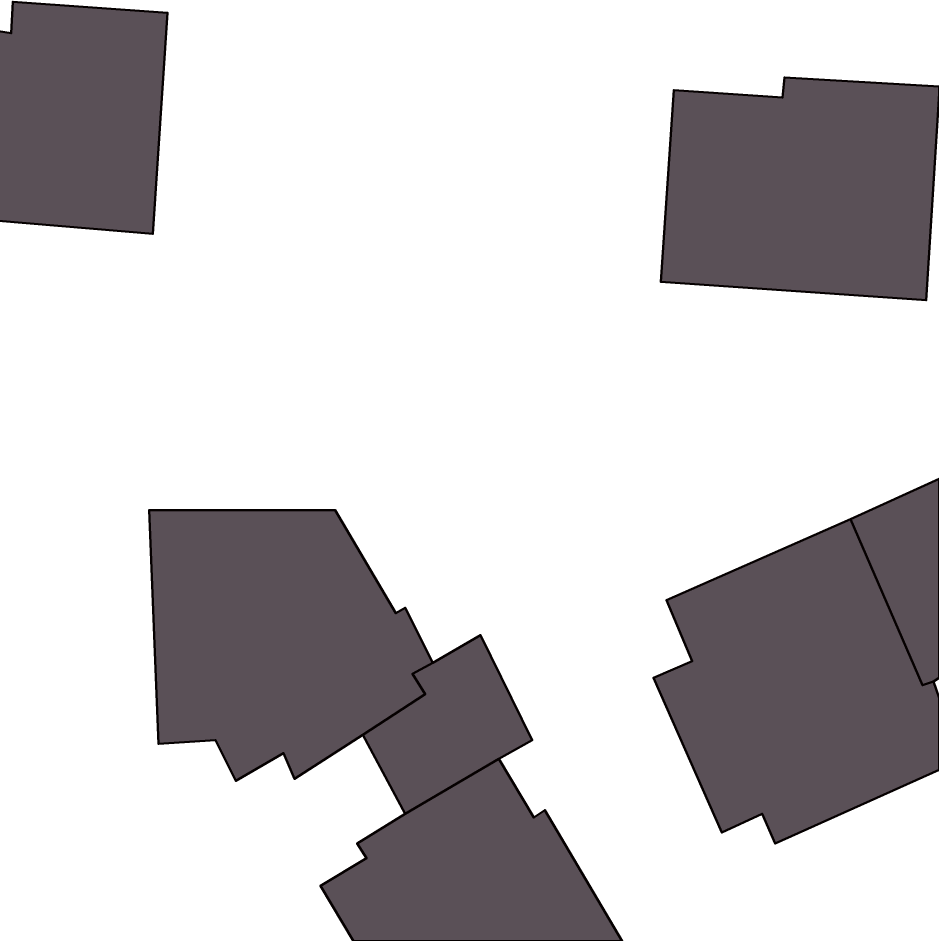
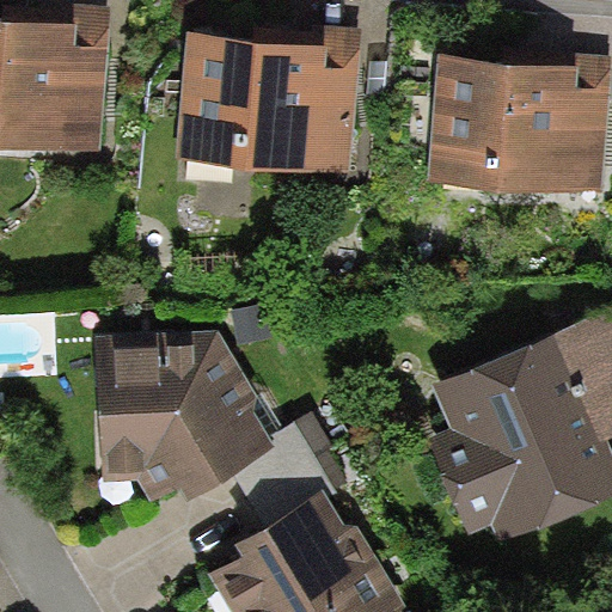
building: none -> [177,20,360,172]

